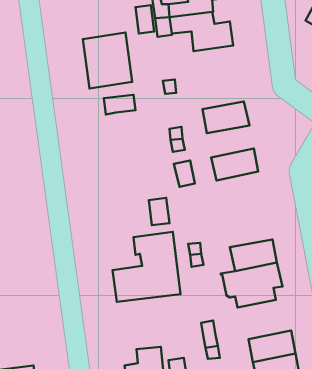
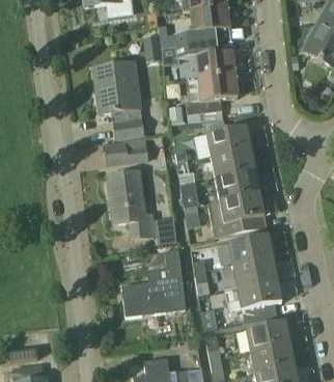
building: none -> [186,73,238,113]
building: none -> [105,134,147,163]
building: none -> [211,148,255,179]
building: none -> [108,170,155,238]
building: none -> [207,192,267,237]
building: none -> [228,234,273,264]
building: none -> [246,320,290,351]

